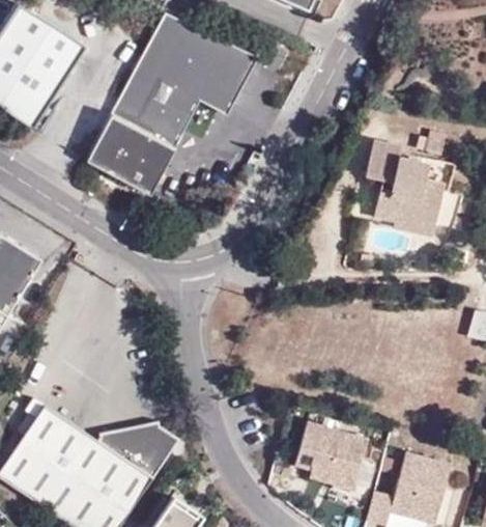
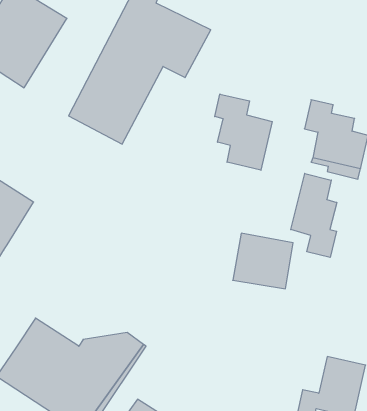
building: none -> [215,94,272,170]
building: none -> [291,173,337,257]
building: [289,423,363,491] -> [233,233,293,289]

